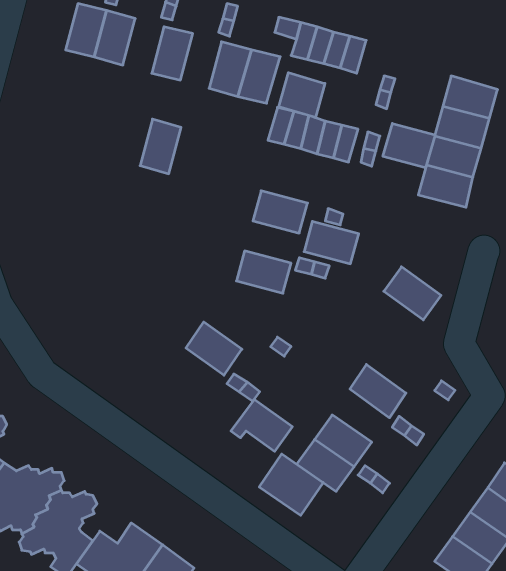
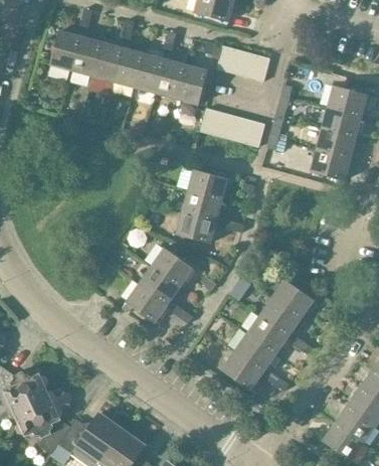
building: none -> [92,42,123,83]
building: [279,73,325,118] -> none
building: [140,119,181,174] -> [135,53,165,94]
building: [383,123,435,168] -> none
building: [304,221,359,264] -> [182,191,222,222]
building: [384,267,441,320] -> [271,279,314,318]
building: none -> [152,248,193,286]
building: none -> [246,315,289,354]
building: [231,399,292,451] -> [122,285,167,323]
building: [259,454,323,515] -> none

